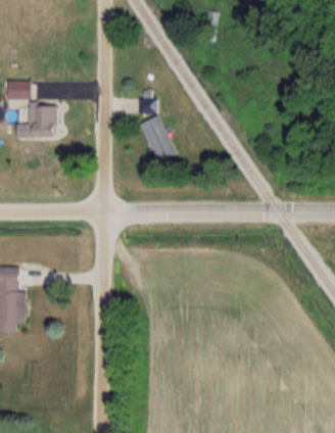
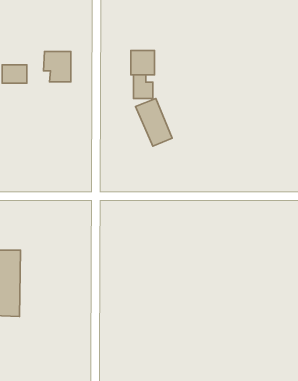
building: none -> [131,50,155,75]
building: [26,106,53,137] -> [44,51,71,82]

